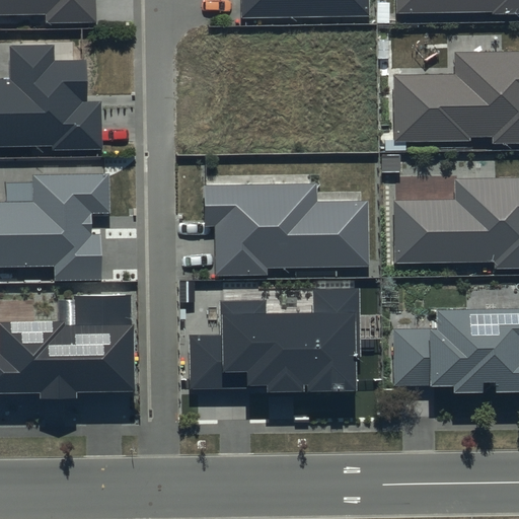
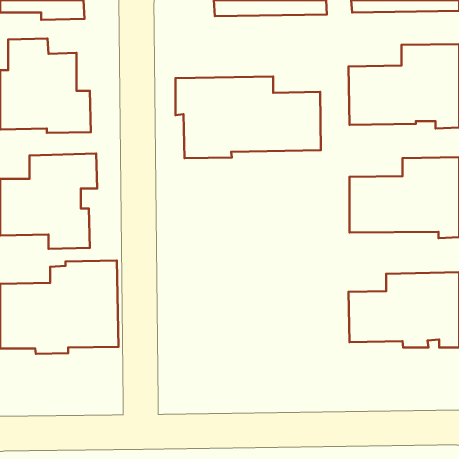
building: [205,183,369,276] -> [175,76,321,158]
building: [190,287,358,391] -> none

